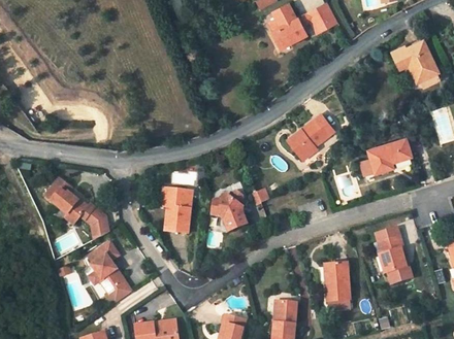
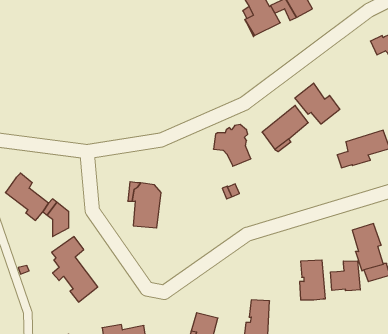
building: none -> [295,83,340,124]
building: [209,190,246,230] -> [213,124,251,166]
building: none -> [331,261,360,291]

